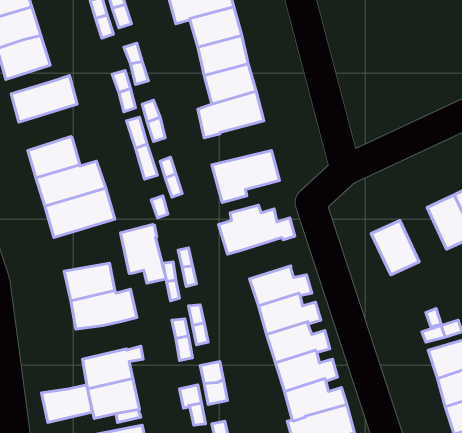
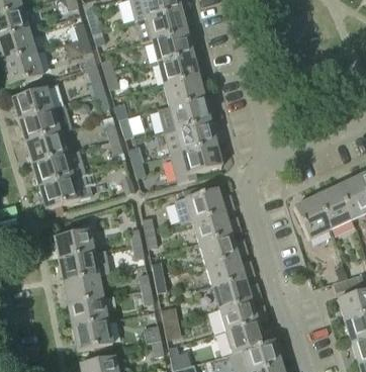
building: none -> [18,104,73,142]
building: none -> [163,118,215,153]
building: none -> [315,186,352,228]
building: [121,225,166,283] -> none
building: none -> [192,209,241,242]
building: [41,385,92,422] -> [63,275,102,304]

